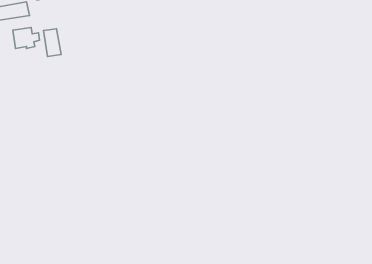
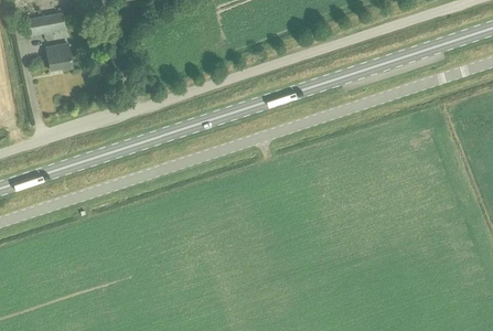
building: [44,29,61,56] -> none

